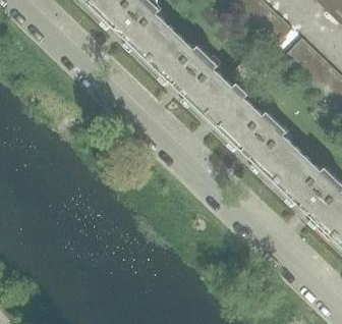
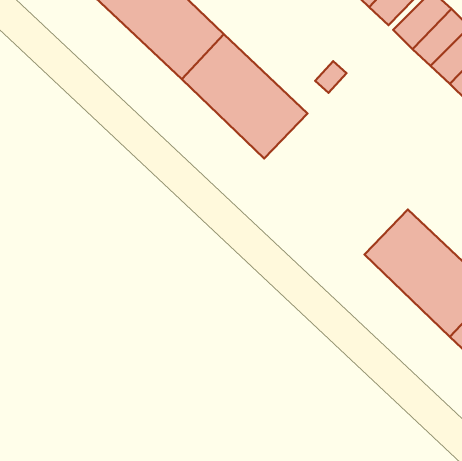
building: [207,86,304,181] -> none

